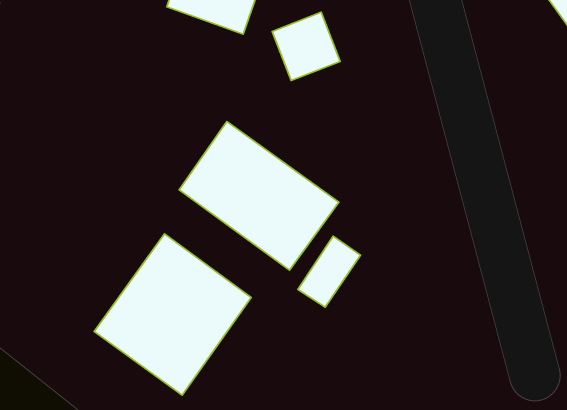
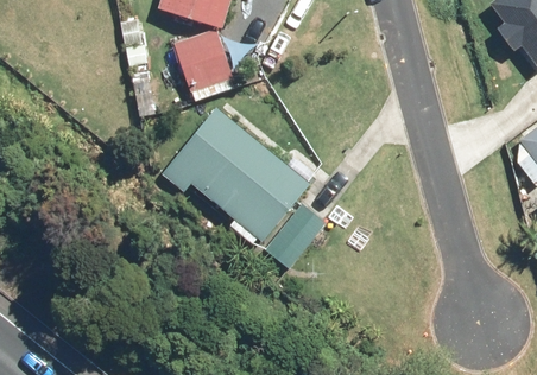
building: [272,12,340,80] -> [178,36,238,95]
building: [94,234,251,395] -> none

